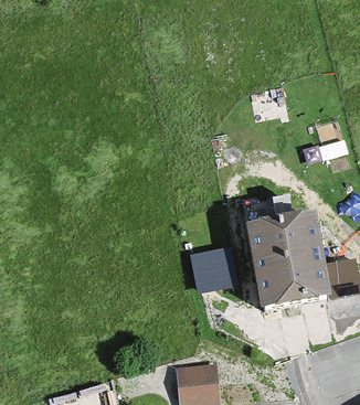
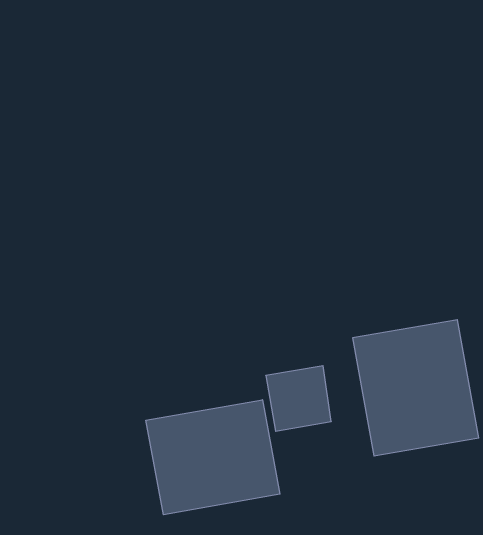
building: none -> [146,400,280,515]

